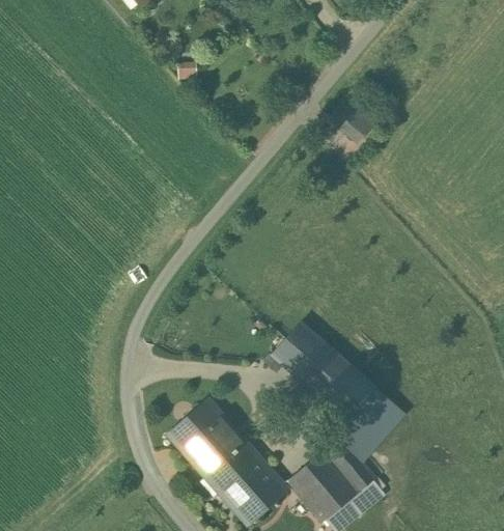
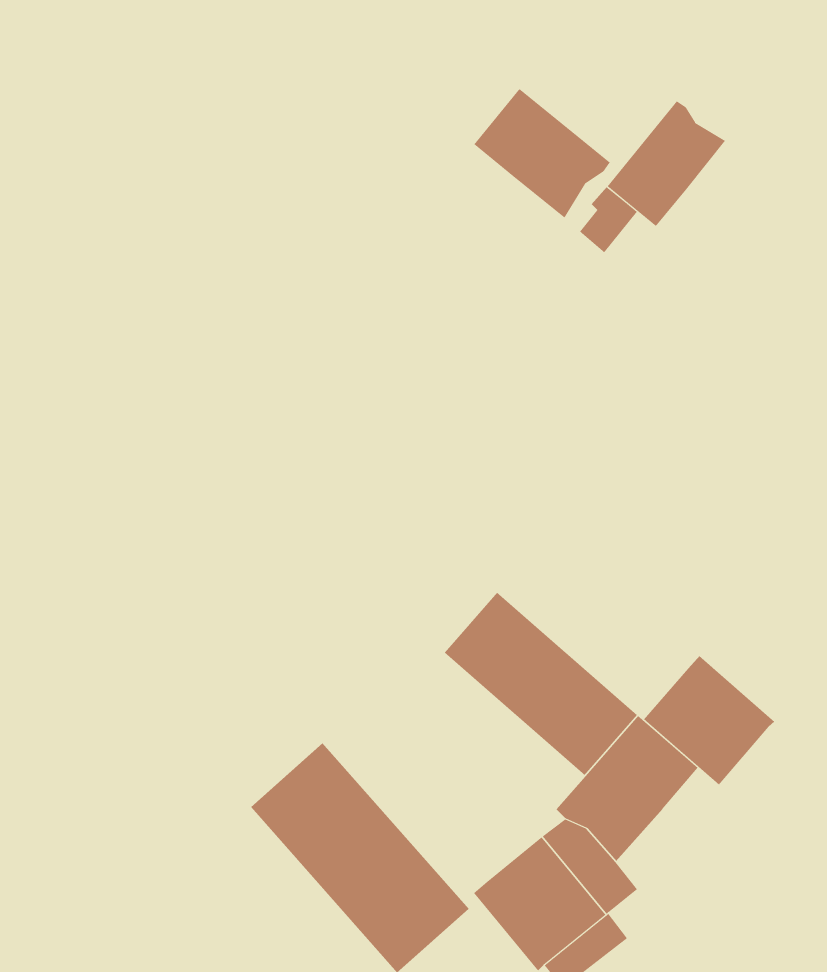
building: none -> [474,88,611,218]
building: none -> [607,100,726,227]
building: none -> [643,655,775,786]

